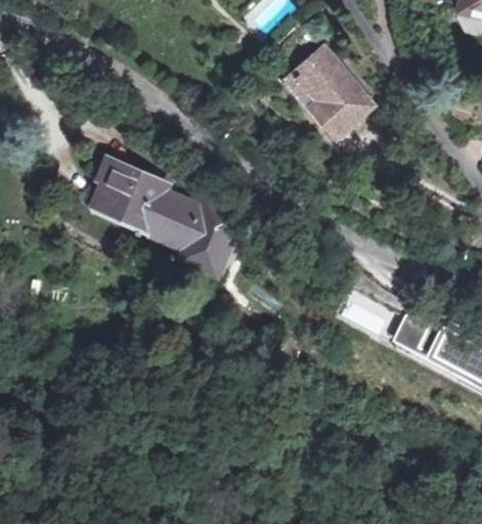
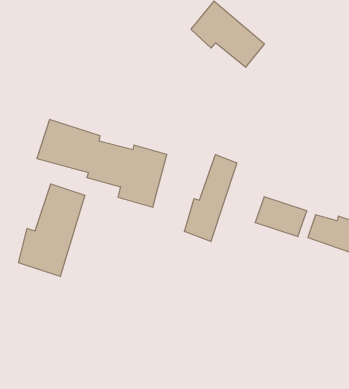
building: none -> [184,155,237,242]
building: none -> [18,184,85,277]

